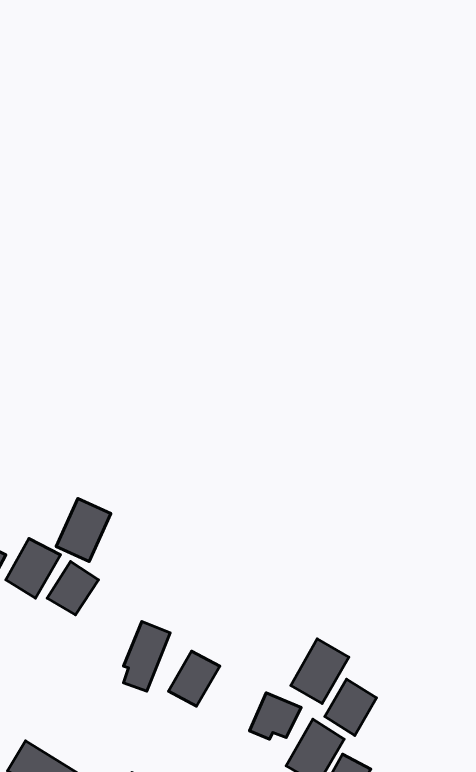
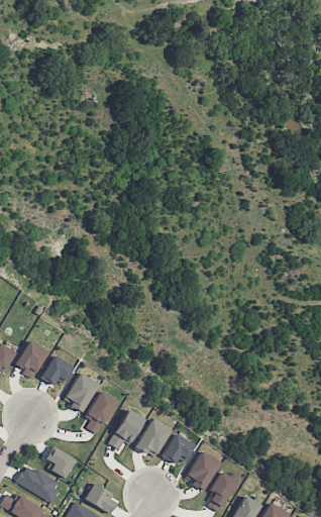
building: [56,498,111,561] -> [65,373,98,411]
building: [291,639,349,704] -> [135,418,171,457]
building: [325,679,376,735] -> none
building: none -> [45,446,76,478]

